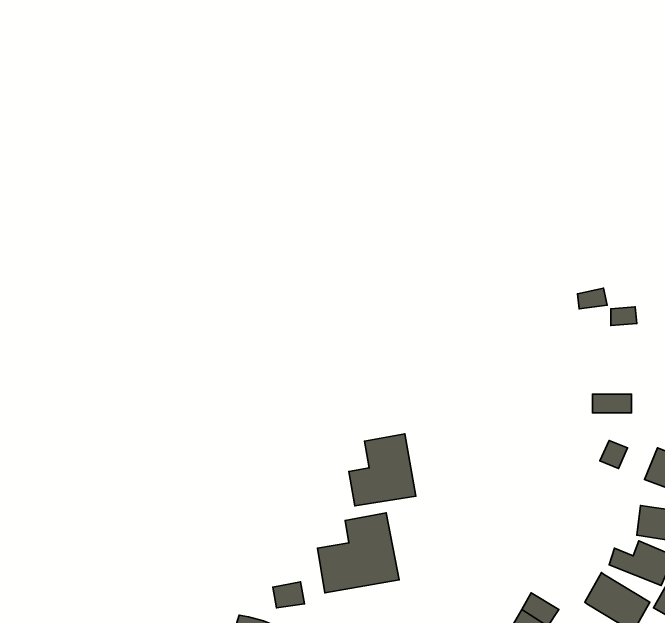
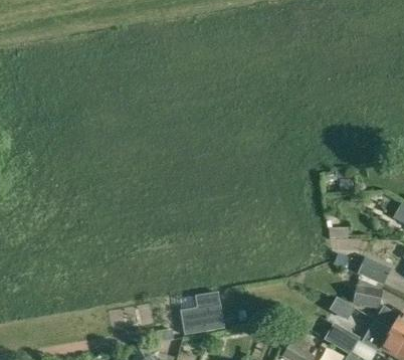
building: [349,434,416,506] -> none

